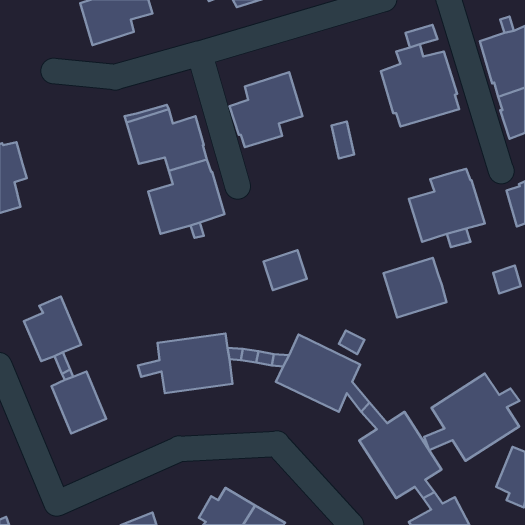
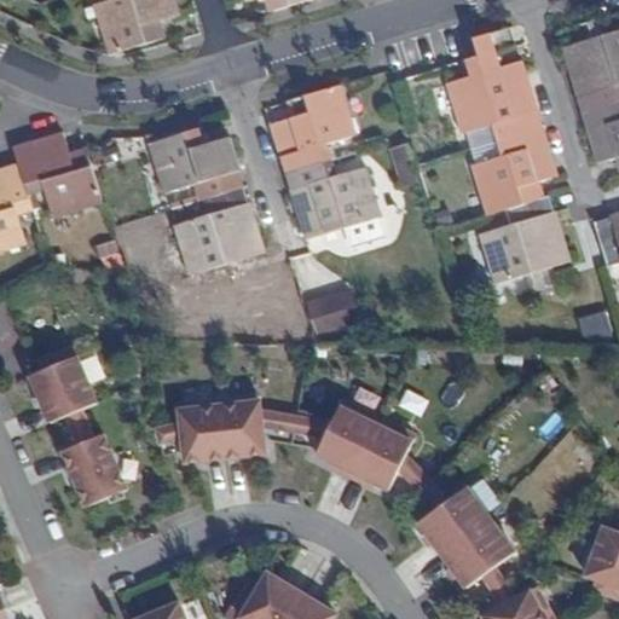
building: none -> [470,128,556,216]
building: none -> [13,132,103,218]
building: none -> [288,160,381,249]
building: [383,258,446,317] -> none
building: [424,374,519,461] -> none

